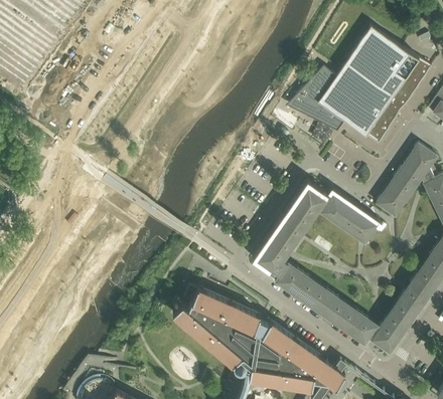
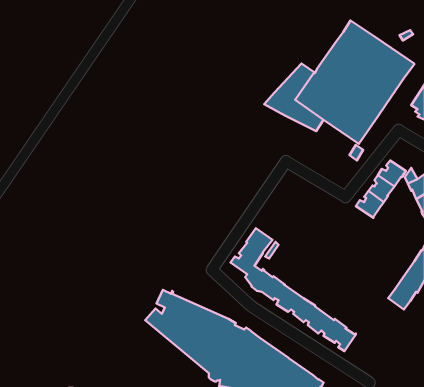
building: [408,144,436,170] -> none
building: [278,184,377,240] -> none
building: [367,292,421,352] -> none

